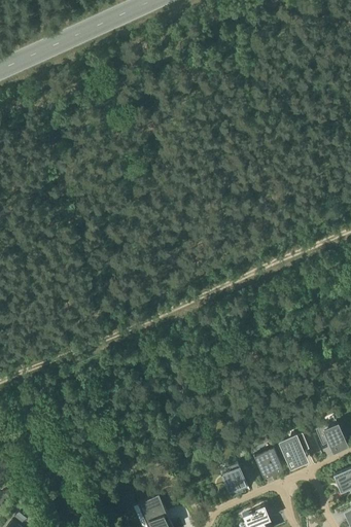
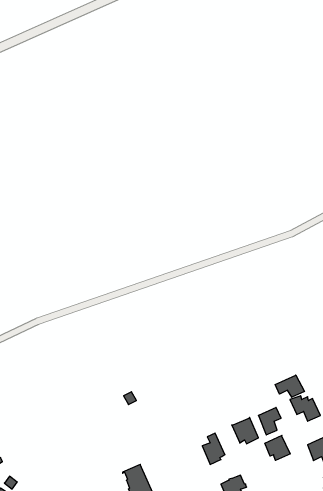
building: none -> [275,375,304,397]
building: none -> [265,435,290,460]

